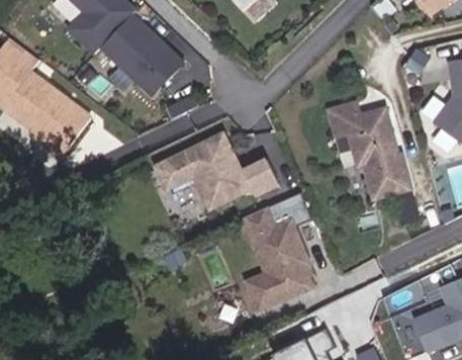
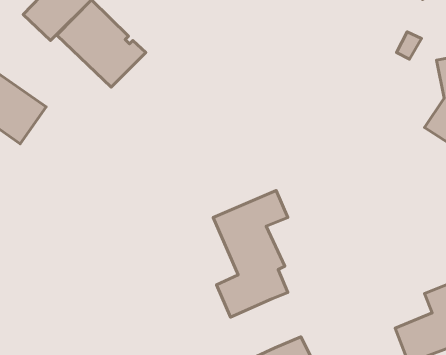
building: [333,100,417,198] -> none
building: [155,131,276,206] -> none

